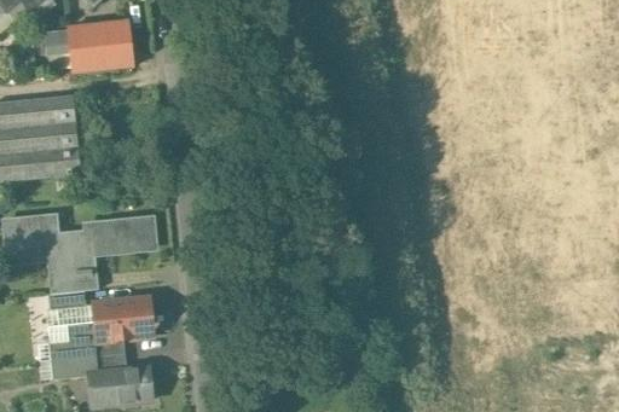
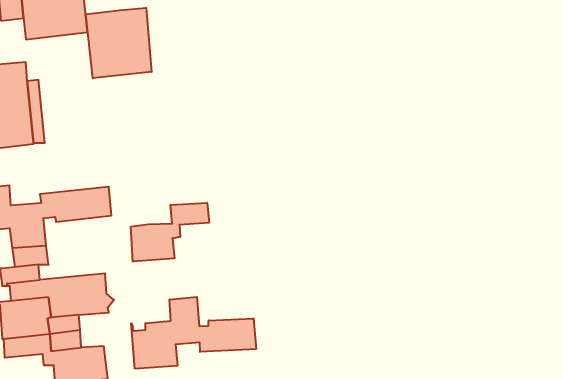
building: none -> [86,8,152,78]
building: none -> [131,203,209,262]
building: none -> [131,297,256,369]

